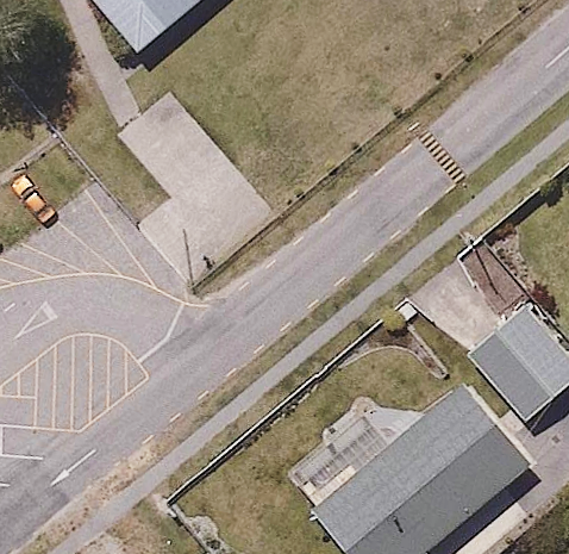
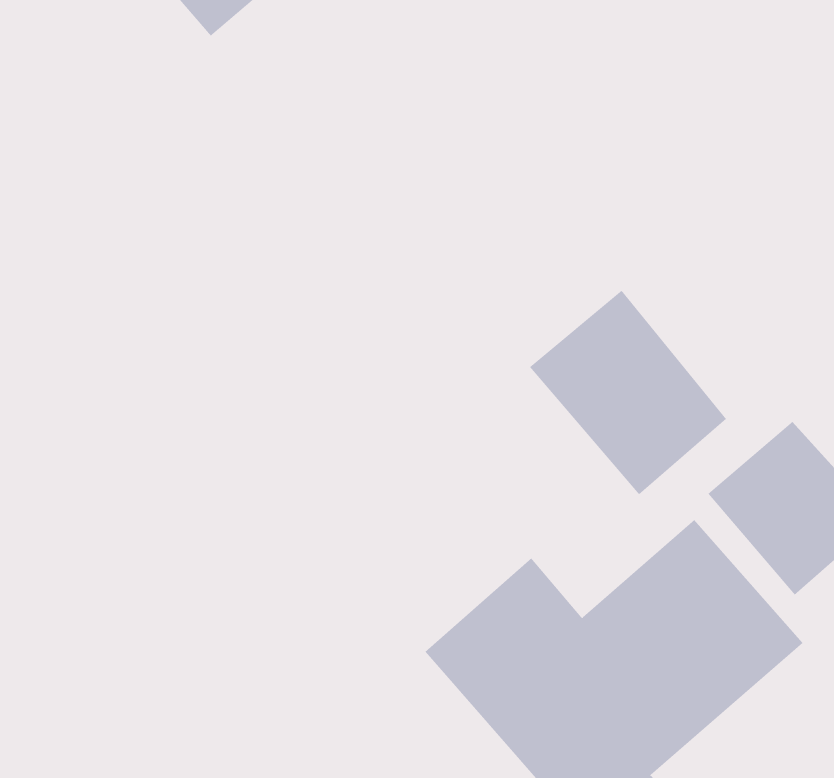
building: none -> [529,290,727,495]

